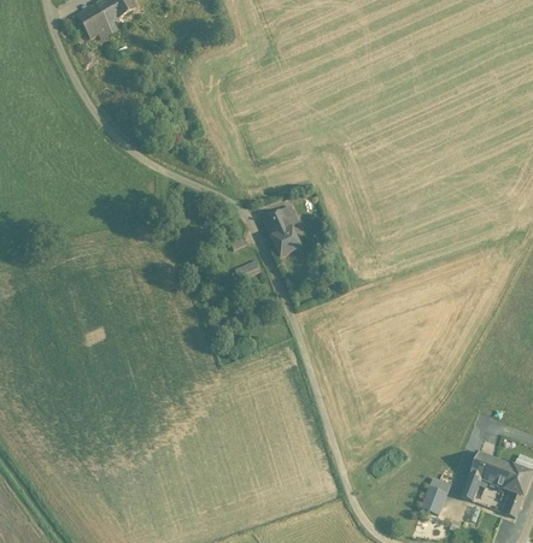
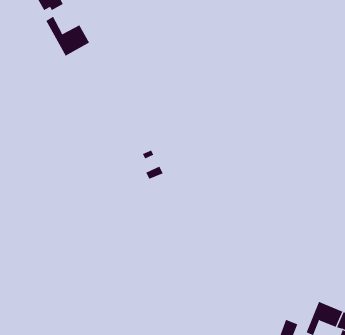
building: none -> [45,16,90,57]
building: [262,206,300,258] -> none

